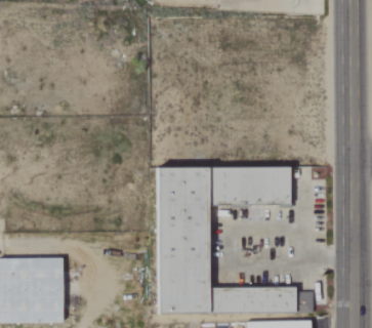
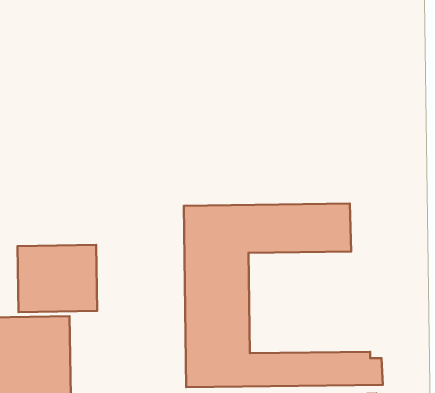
building: none -> [17,245,97,312]

